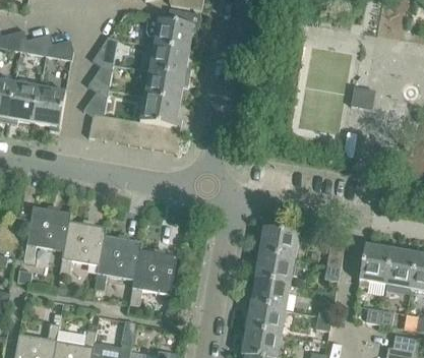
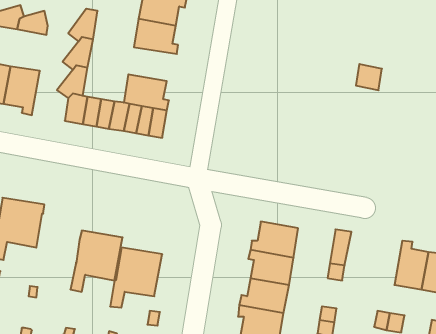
building: [145,70,189,101] -> none
building: [59,220,105,276] -> none
building: [359,242,391,284] -> none

